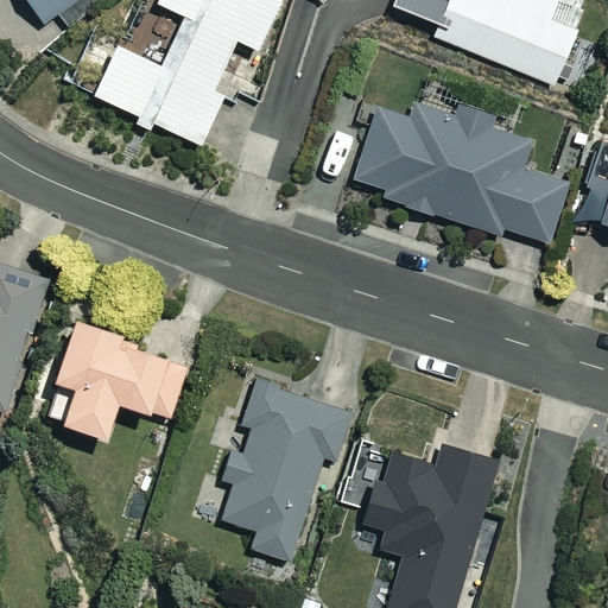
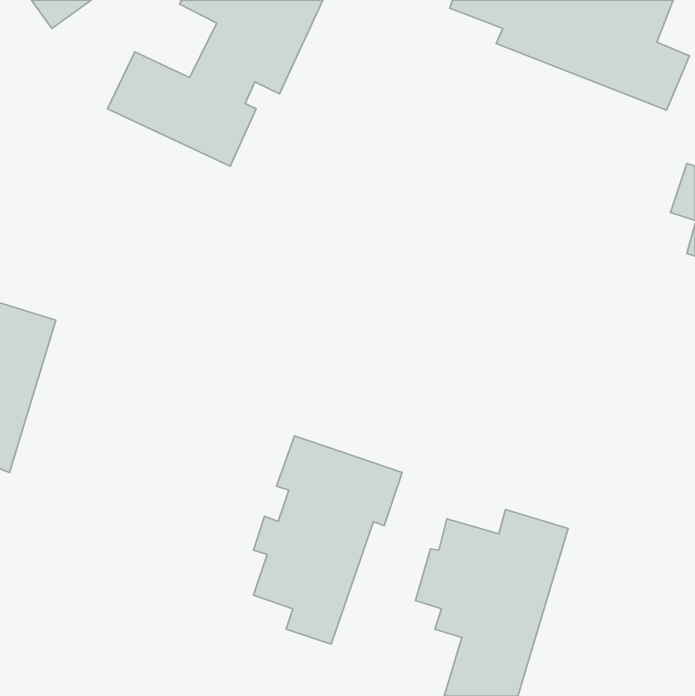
building: [350,99,569,246] -> none
building: [48,321,189,438] -> none

